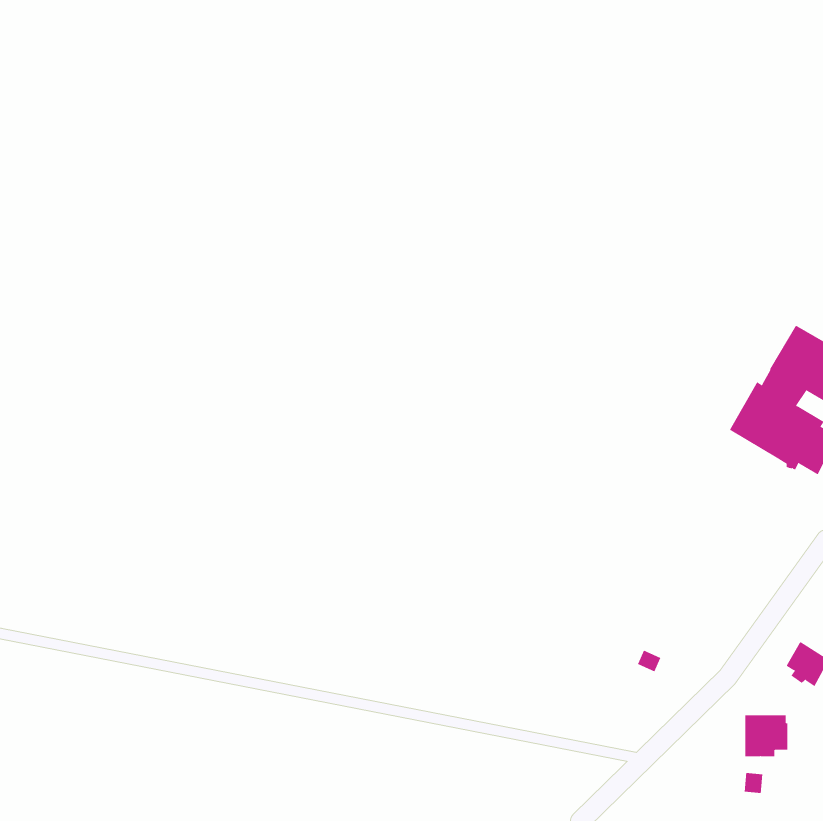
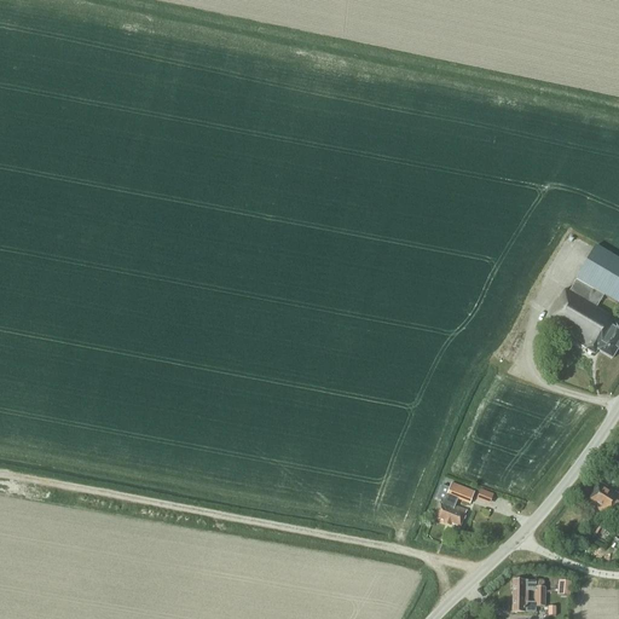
building: none -> [436,480,476,525]
building: [744,715,788,757] -> [514,578,546,609]

